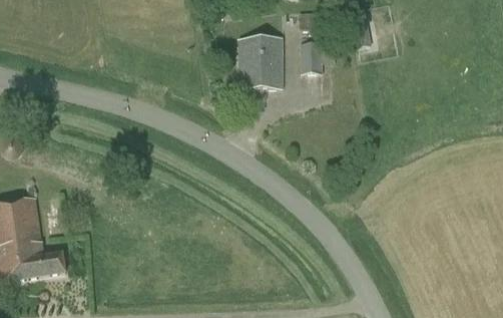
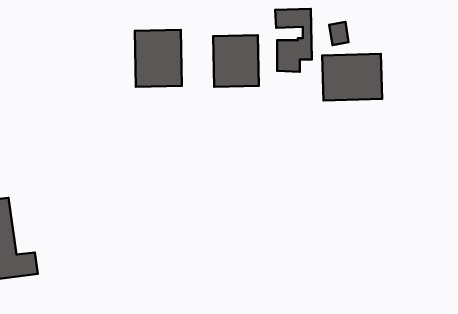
building: none -> [135,30,182,87]
building: none -> [322,54,382,101]

